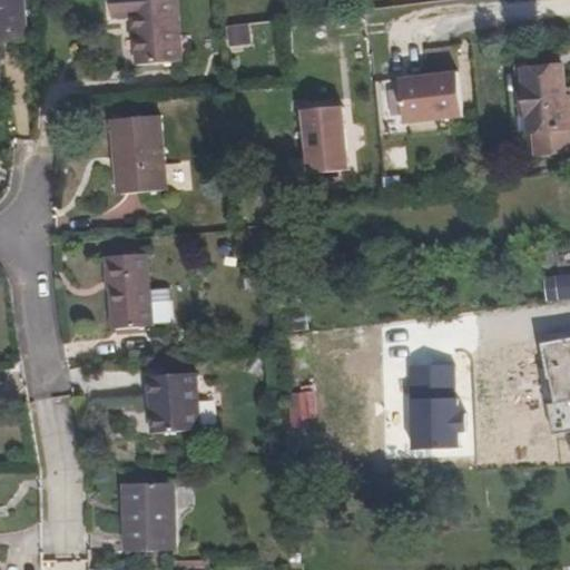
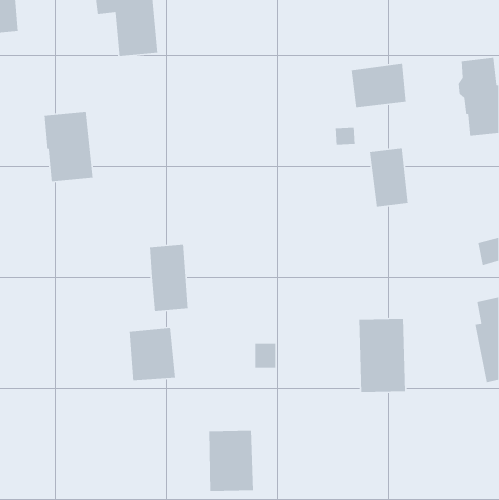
building: [313,106,357,174] -> [369,148,409,207]
building: [109,114,166,194] -> [43,111,94,182]
building: [106,252,150,328] -> [149,244,189,312]
building: [122,481,174,551] -> [209,430,254,492]

